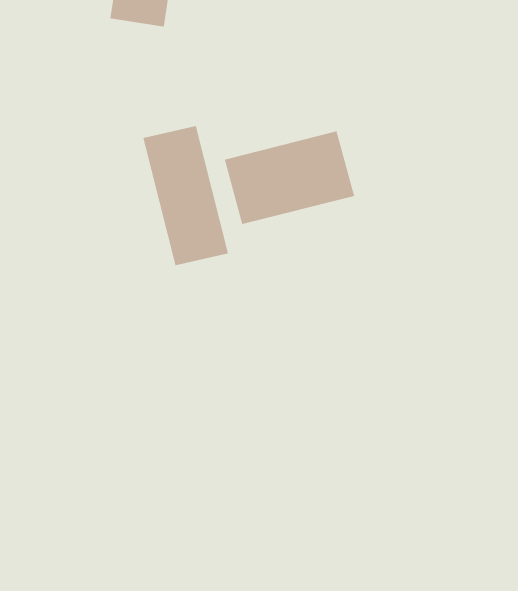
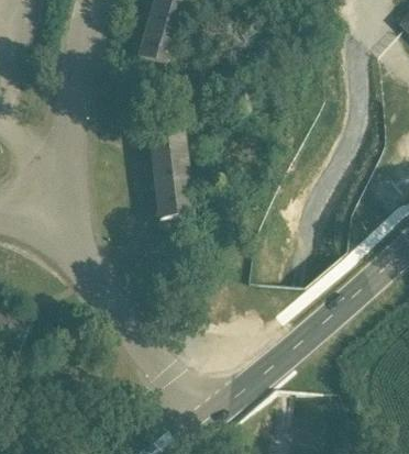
building: [224,131,355,225] -> none

